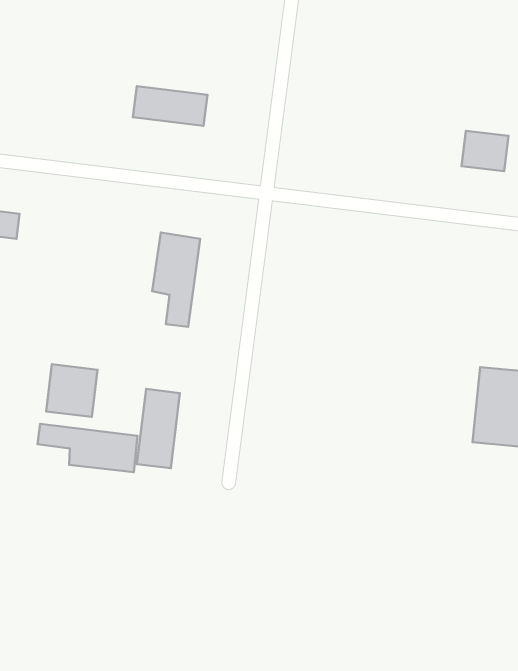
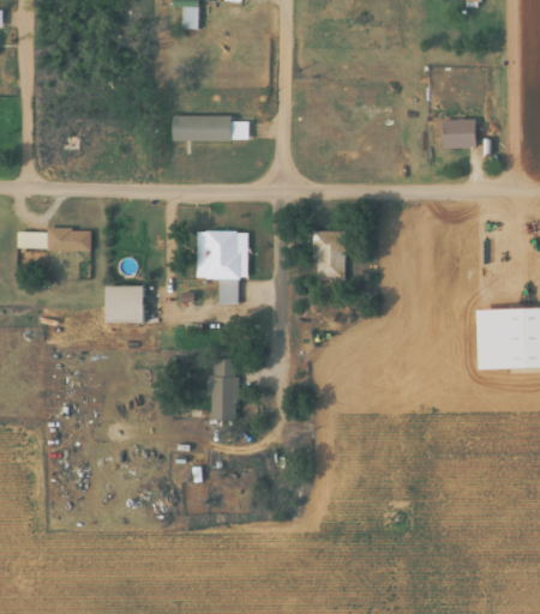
building: none -> [313,231,344,281]
building: [46,364,98,417] -> [107,285,144,324]
building: [37,424,137,472] -> none

